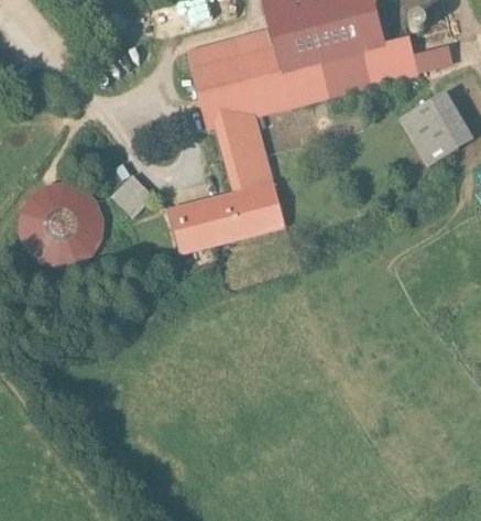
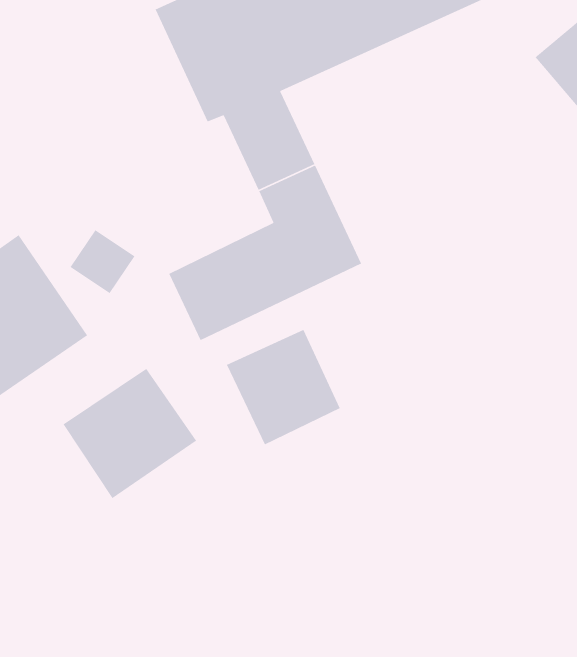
building: none -> [226,329,341,445]
building: none -> [62,368,197,499]

